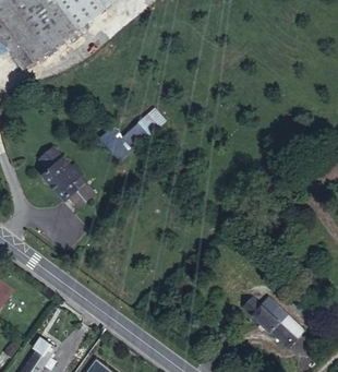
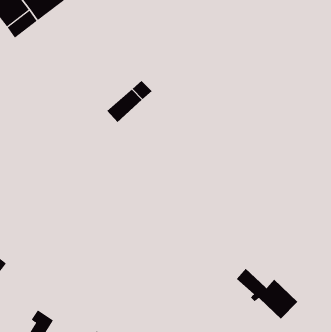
building: [38,146,94,208] -> none

